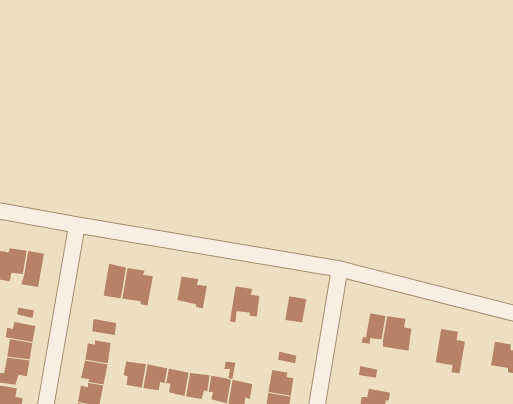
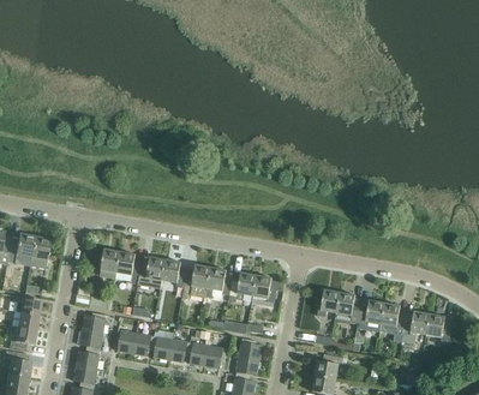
building: none -> [137,256,164,287]
building: none -> [181,264,210,298]
building: none -> [228,271,256,301]
building: none -> [357,299,384,331]
building: none -> [401,310,430,343]

